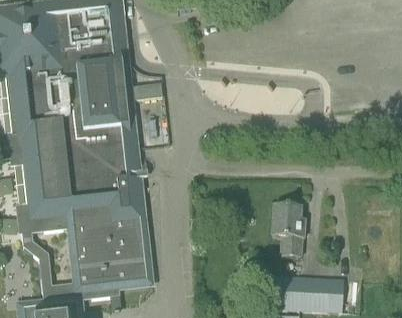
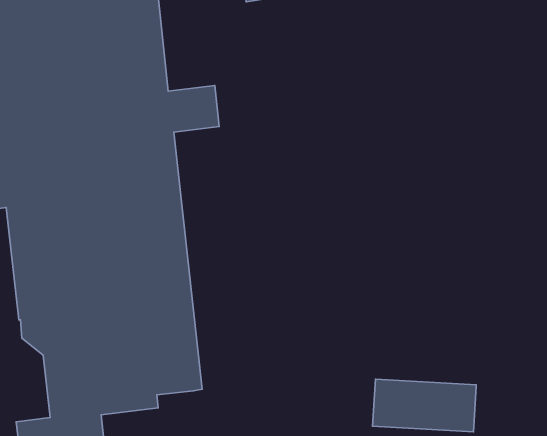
building: [275,205,308,257] -> none

